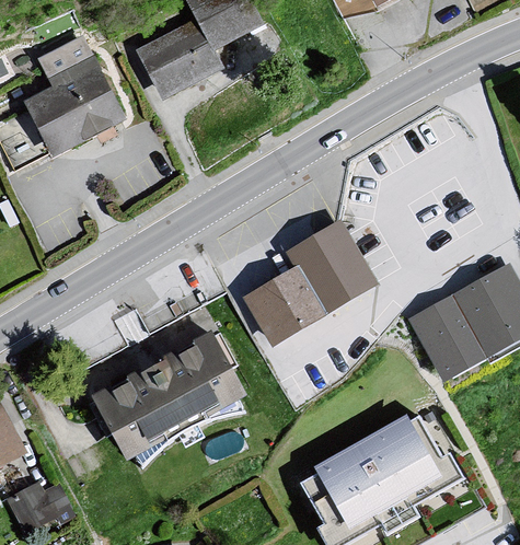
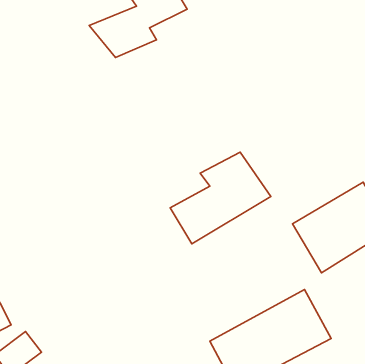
building: [23,37,128,152] -> none
building: [81,317,249,466] -> none

